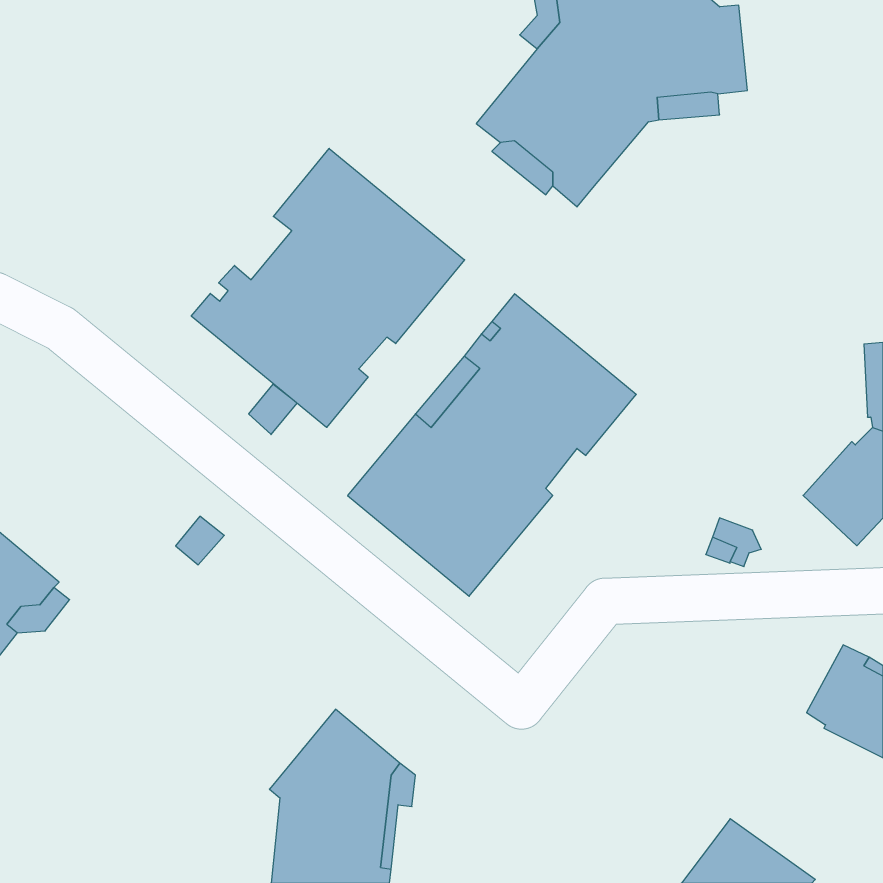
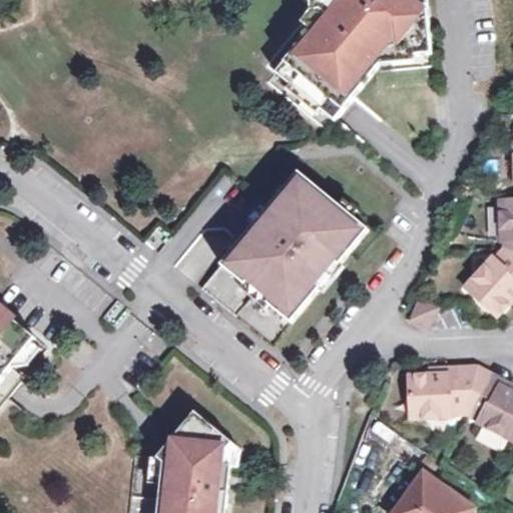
building: [191,148,465,427] -> none
building: none -> [406,366,486,417]

